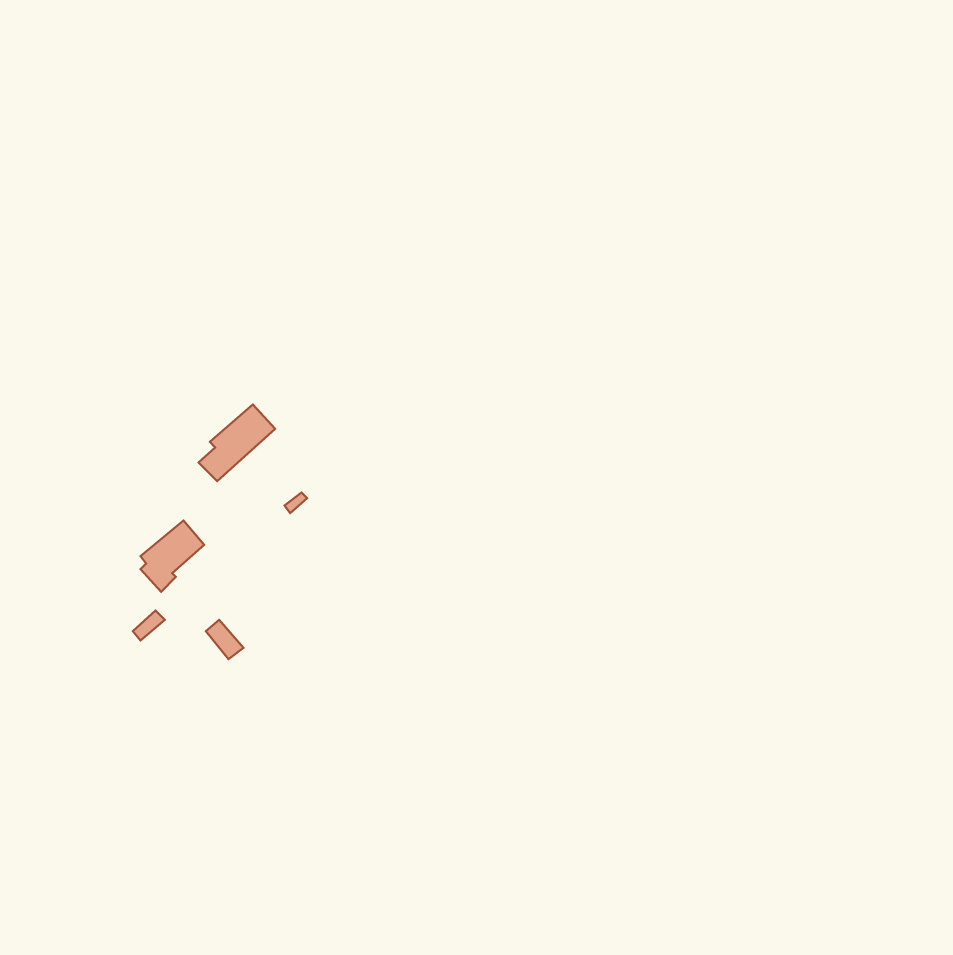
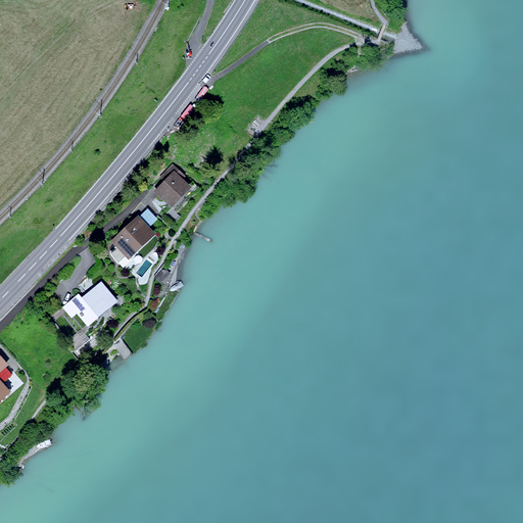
building: none -> [158,165,188,201]

